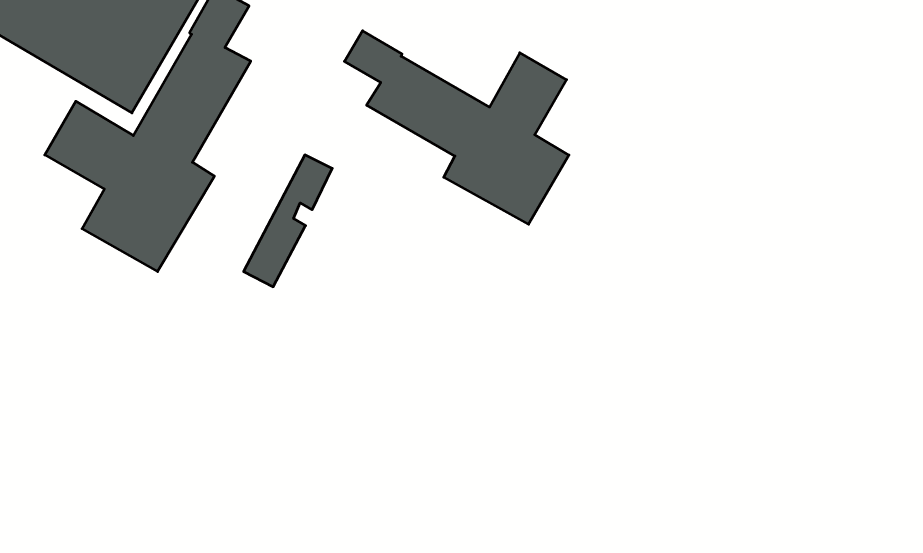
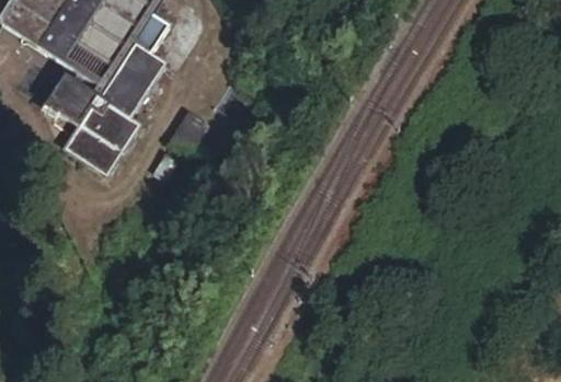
building: [344,31,569,224] -> none

